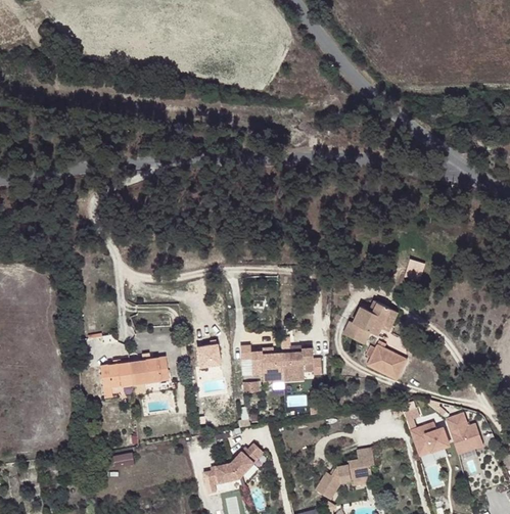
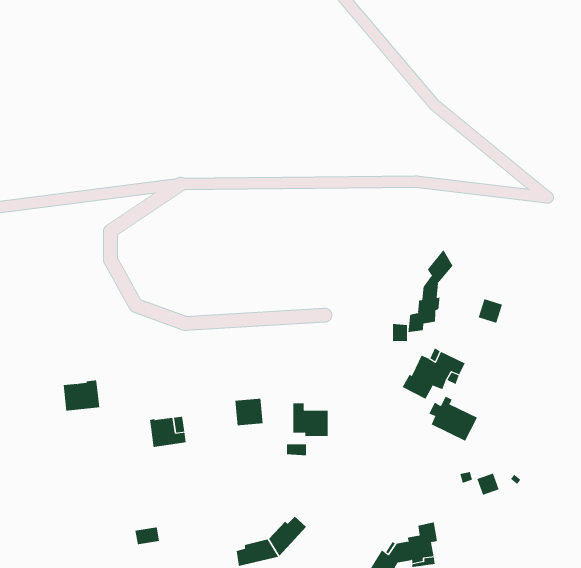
building: none -> [408,249,453,333]
building: [281,347,312,376] -> none
building: [100,362,132,388] -> [63,380,100,411]
building: [446,414,483,455] -> none
building: [410,424,449,457] -> none

